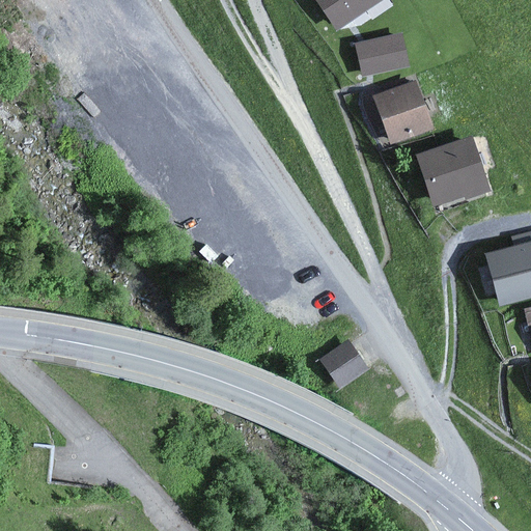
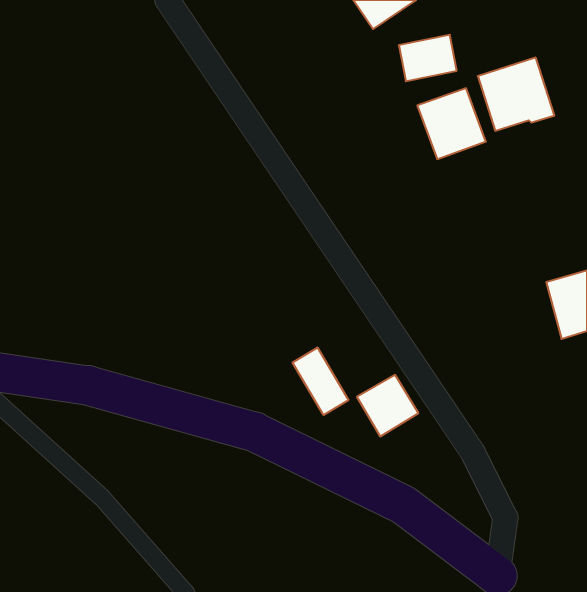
building: [418,138,486,203] -> [478,58,554,131]
building: none -> [293,347,348,415]

